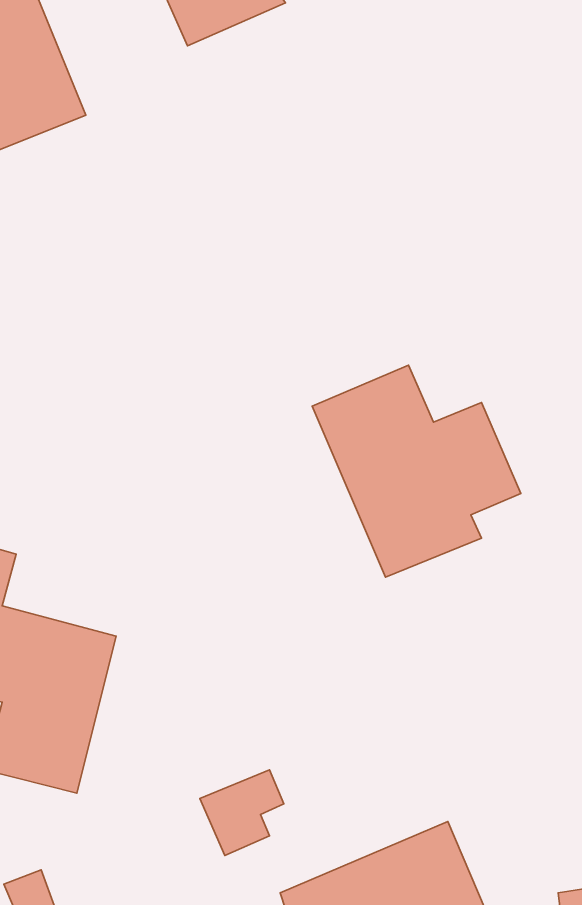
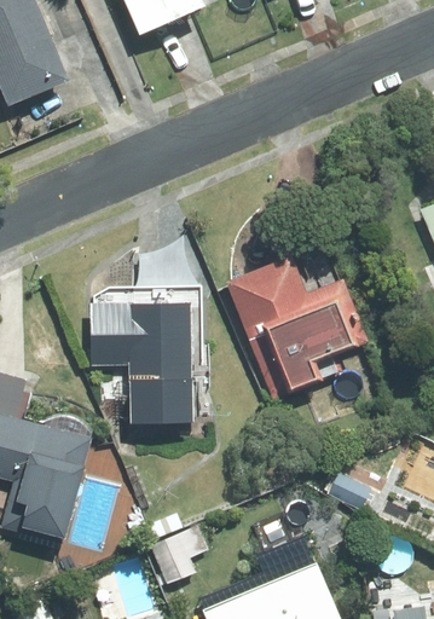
building: none -> [89,299,193,417]

